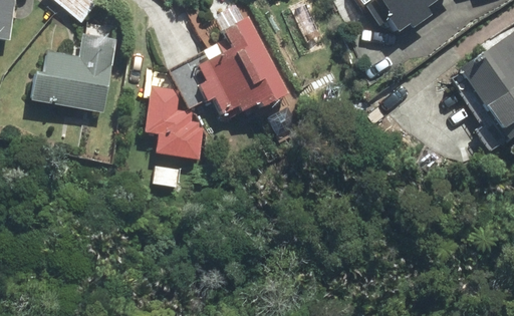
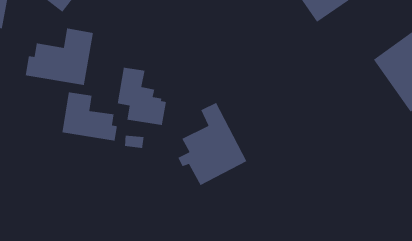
building: [201,20,287,123] -> [177,102,248,186]
building: none -> [62,91,118,142]

